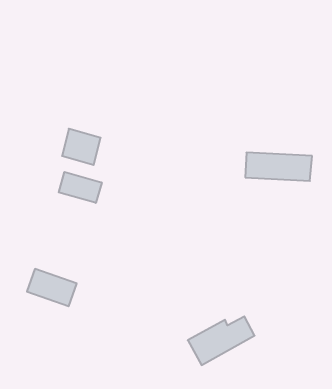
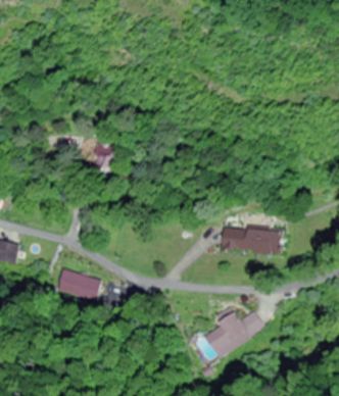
building: [245,153,312,181] -> [222,228,282,253]
building: [59,172,102,203] -> none

